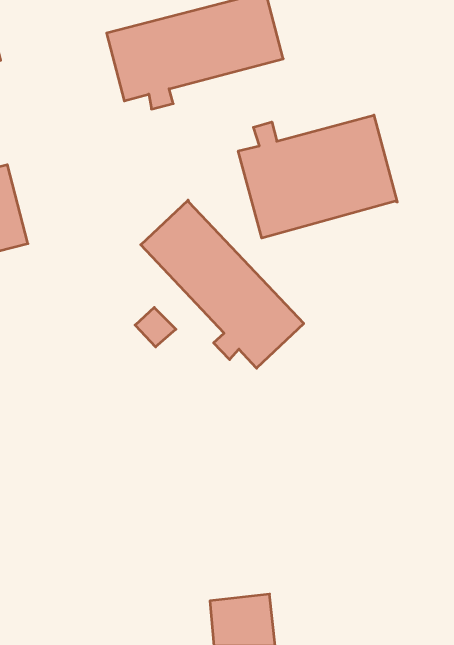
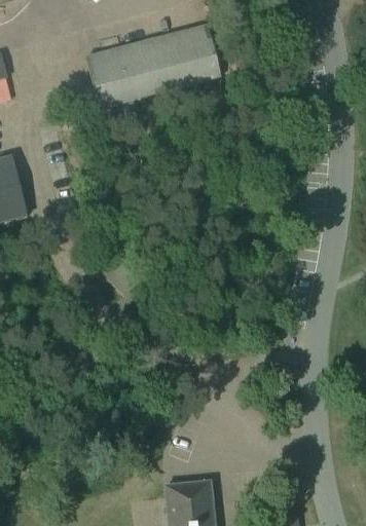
building: [238,115,397,238] -> none
building: [141,200,304,368] -> none

